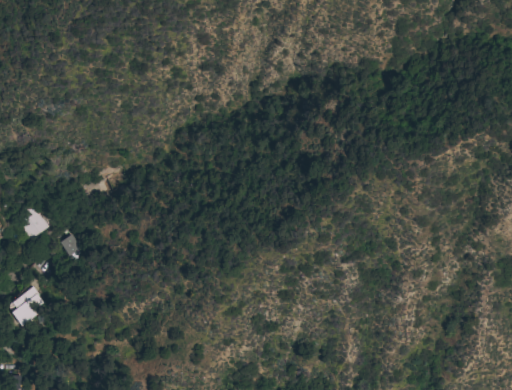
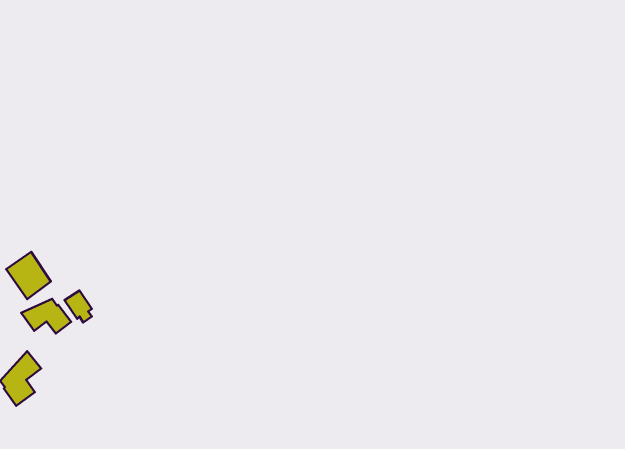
building: none -> [21,299,71,334]

